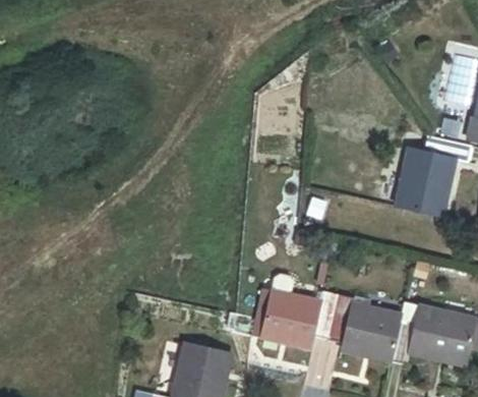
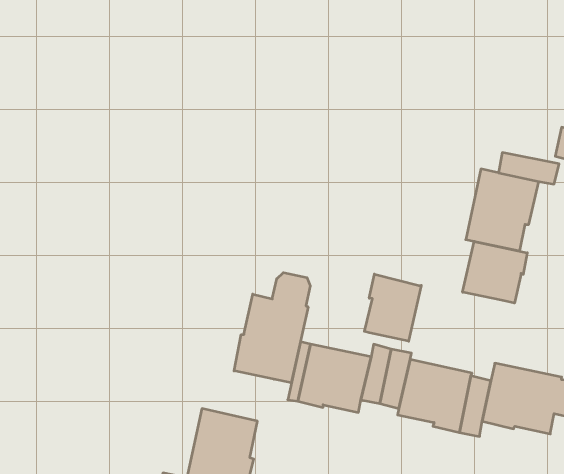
building: none -> [463,241,527,303]
building: none -> [234,273,310,383]
building: none -> [364,274,421,341]

